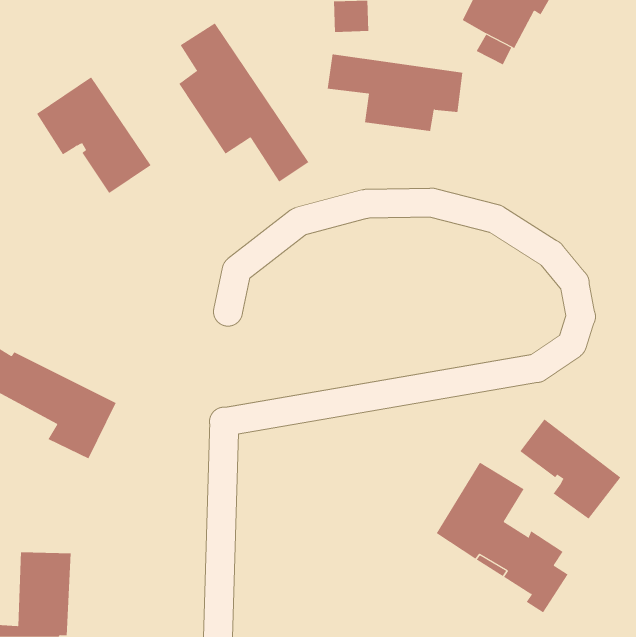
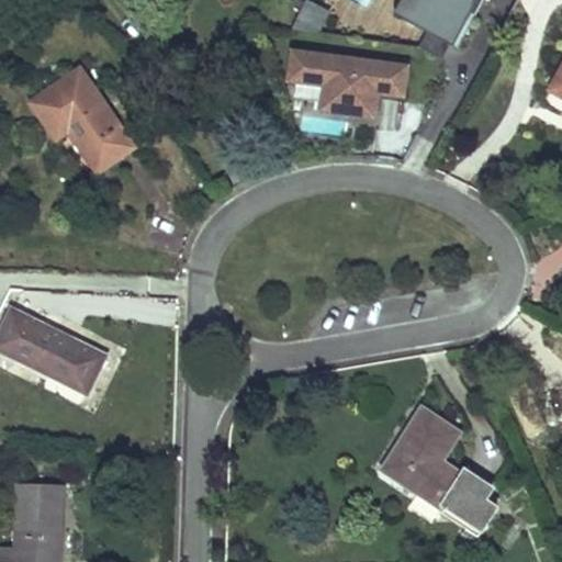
building: [178,22,309,183] -> none
building: [519,419,621,520] -> none

